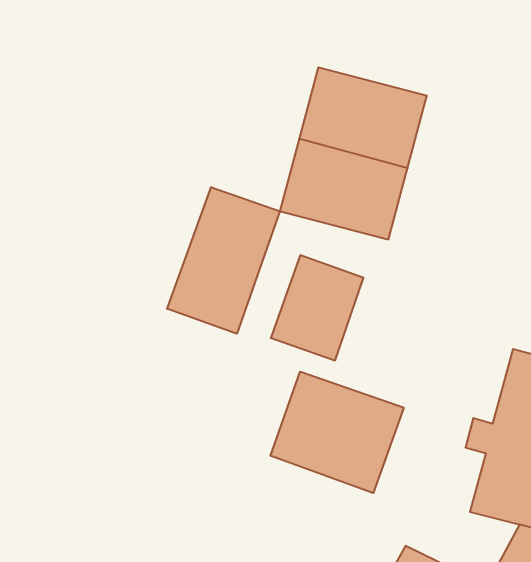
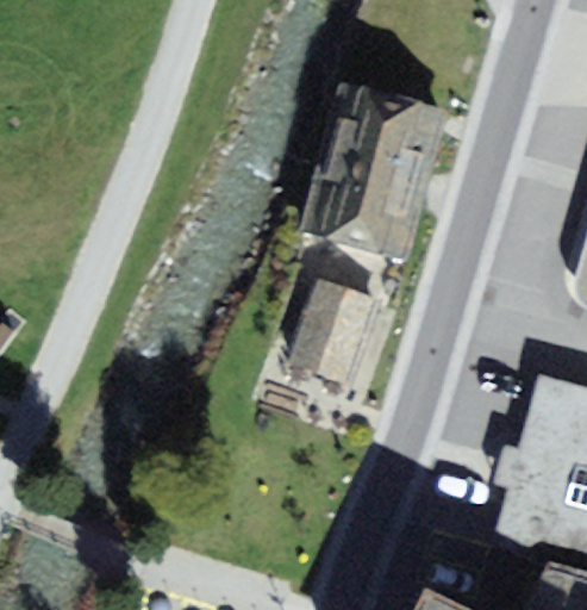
building: [167,187,280,334] -> none
building: [271,372,404,493] -> none

